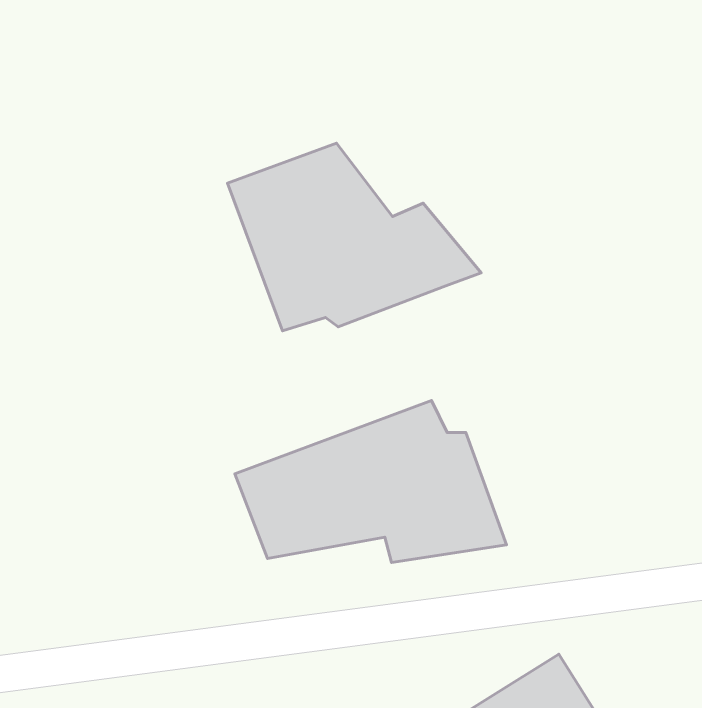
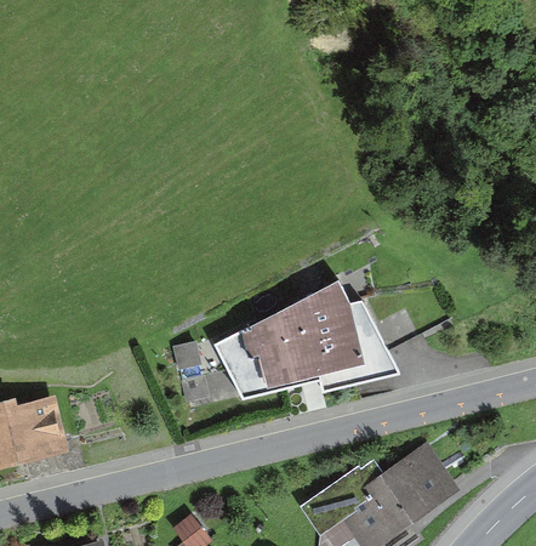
building: [227,143,481,331] -> none

